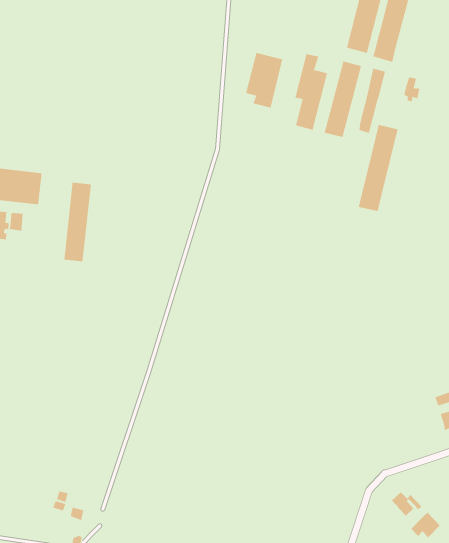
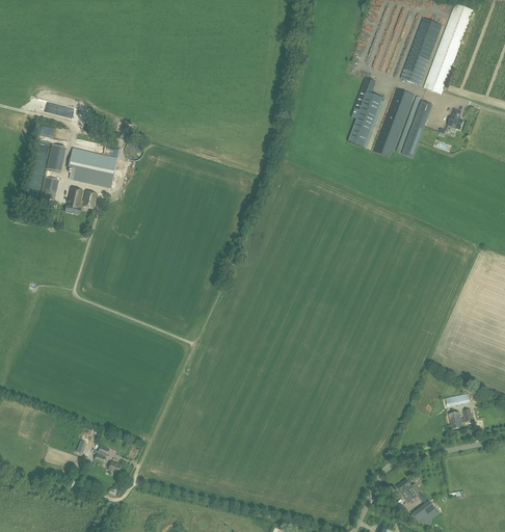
building: [246,52,283,108] -> none
building: [358,124,398,212] -> none
building: [64,182,91,262] -> none

